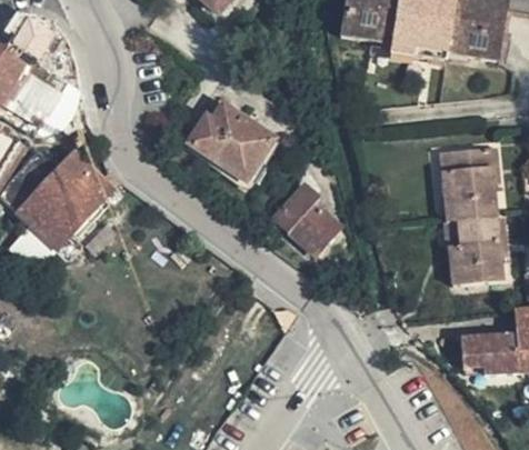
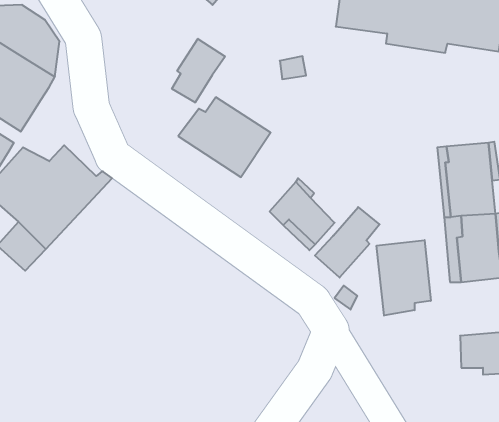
building: none -> [172,39,225,103]
building: none -> [315,207,380,278]
building: none -> [377,240,431,316]

